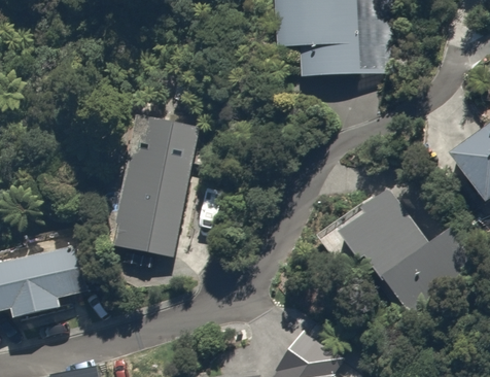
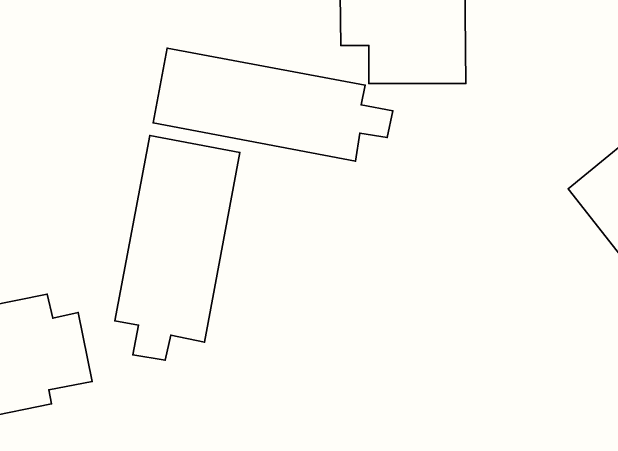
building: none -> [153,48,393,161]
building: [335,181,471,321] -> none

